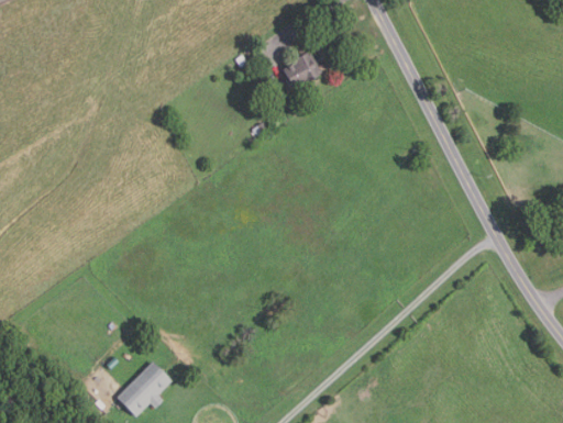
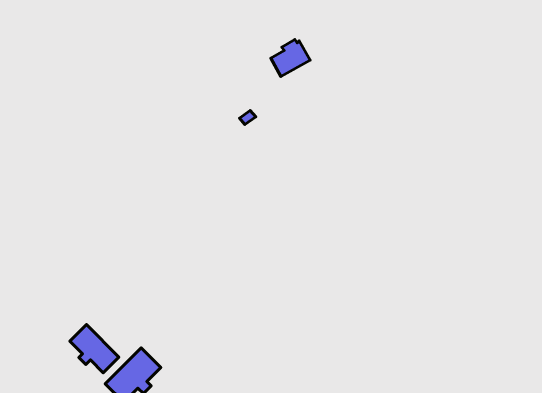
building: none -> [70,325,119,373]

